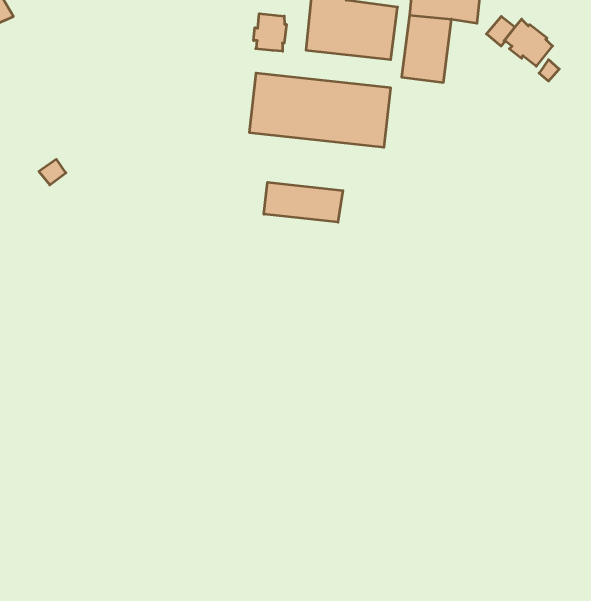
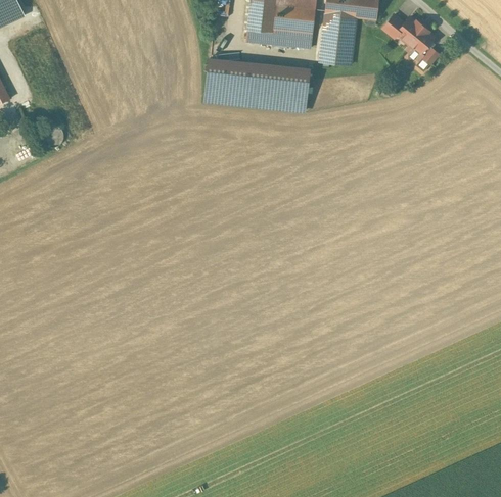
building: [254,14,286,51] -> none
building: [264,182,343,222] -> none

